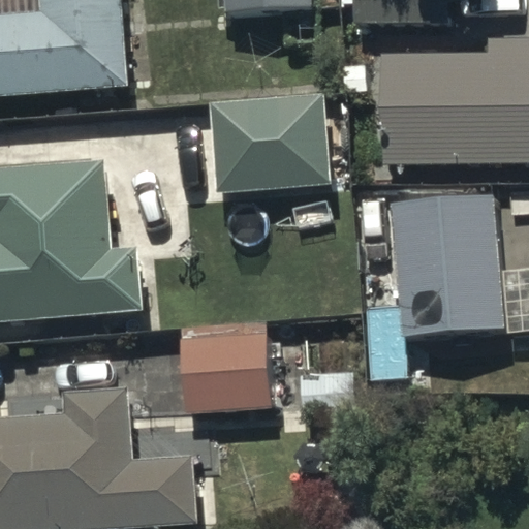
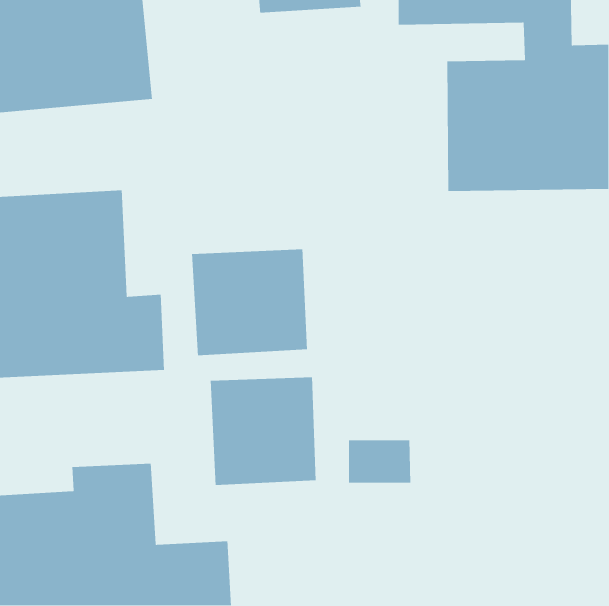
building: [211,93,330,187] -> none
building: [392,195,503,337] -> none
building: none -> [191,248,308,356]

